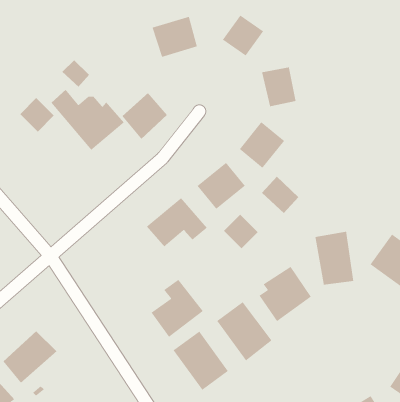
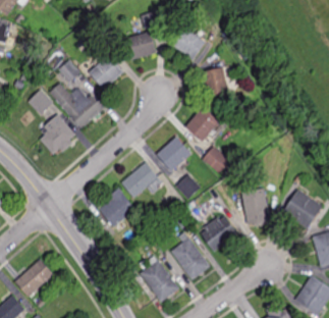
building: [121,92,168,140] -> [89,55,122,90]
building: none -> [38,114,78,158]
building: [150,279,204,338] -> [99,187,138,229]

